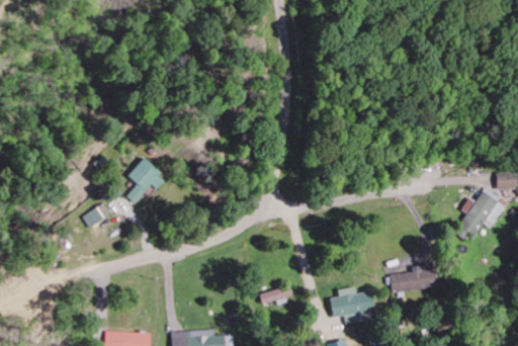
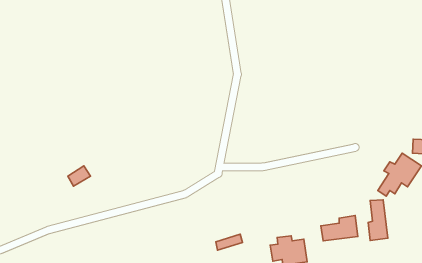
building: [126,159,166,203] -> none
building: none -> [368,200,388,240]

